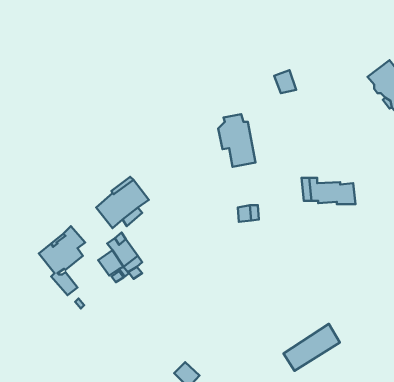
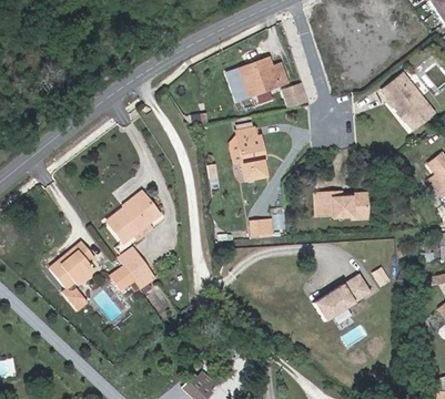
building: none -> [229,57,287,100]
building: [284,324,340,371] -> [313,272,370,319]

